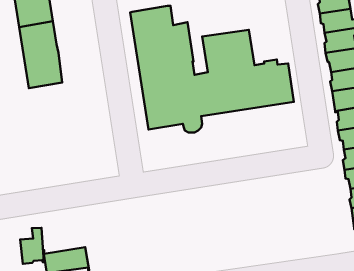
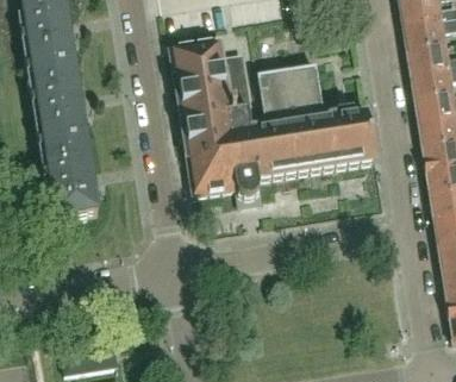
building: none -> [45,137,99,219]
building: [20,228,44,264] -> none

